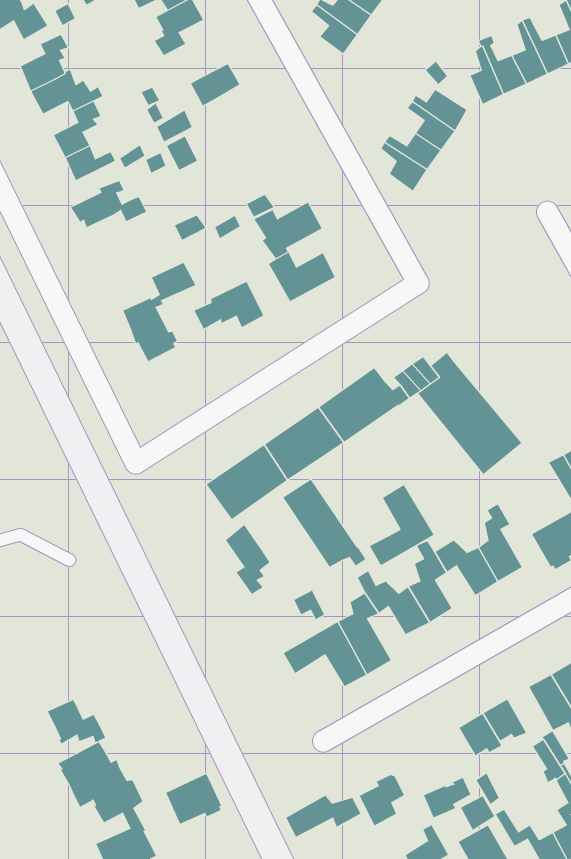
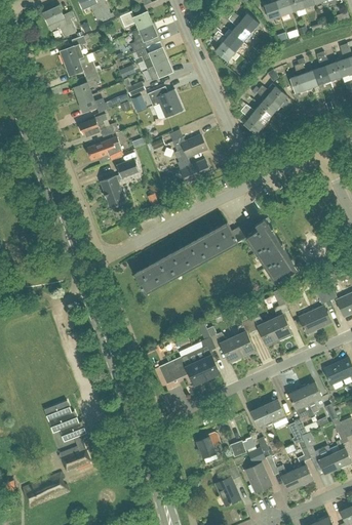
building: none -> [133,47,166,68]
building: none -> [147,88,183,118]
building: [194,281,264,329] -> [87,136,123,160]
building: [283,479,366,568] -> none
building: [369,484,435,566] -> none
building: [225,524,270,595] -> none
building: [47,699,106,744] -> none
building: [166,773,222,824] -> none
building: [285,795,361,837] -> none

